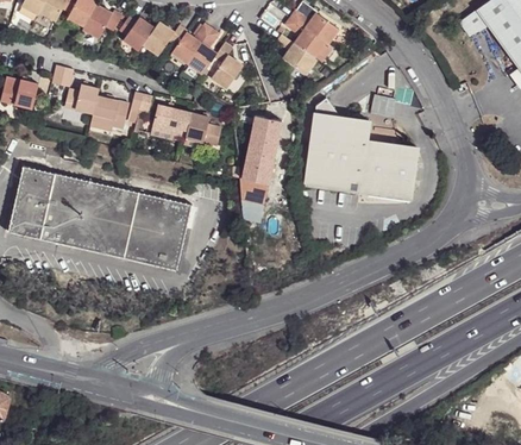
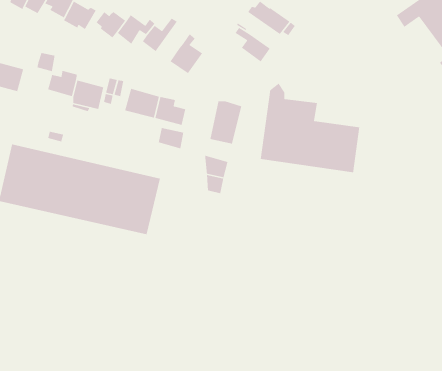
building: [285,18,326,57] -> none
building: [187,29,219,74] -> none
building: [244,162,274,187] -> [158,127,184,149]

